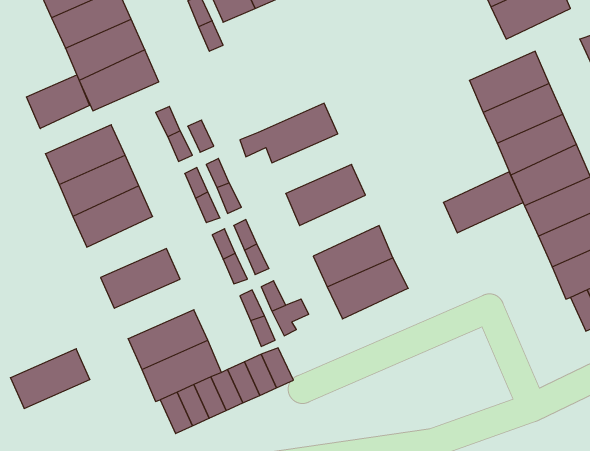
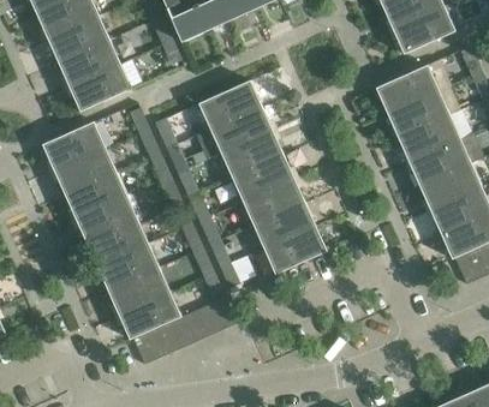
building: none -> [198,79,261,127]
building: [26,75,89,129] -> none
building: none -> [220,128,282,175]
building: [443,172,523,233] -> [241,176,304,225]
building: none -> [74,193,137,241]
building: [10,349,90,408] -> [96,243,159,289]

